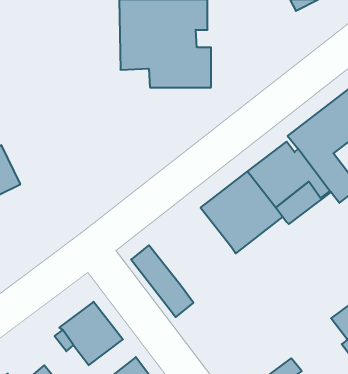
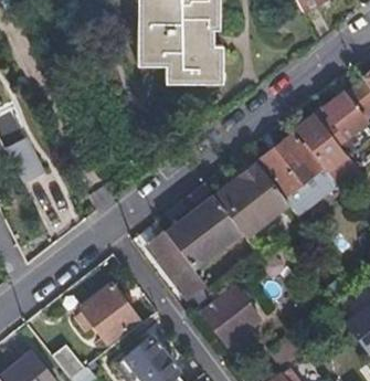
building: none -> [165,195,241,268]
building: none -> [201,285,261,345]

